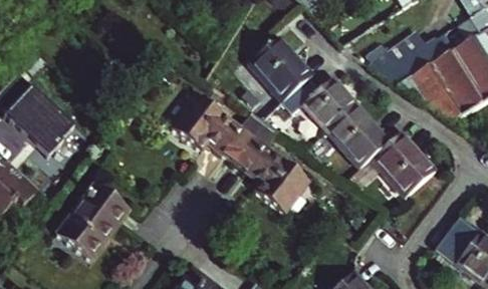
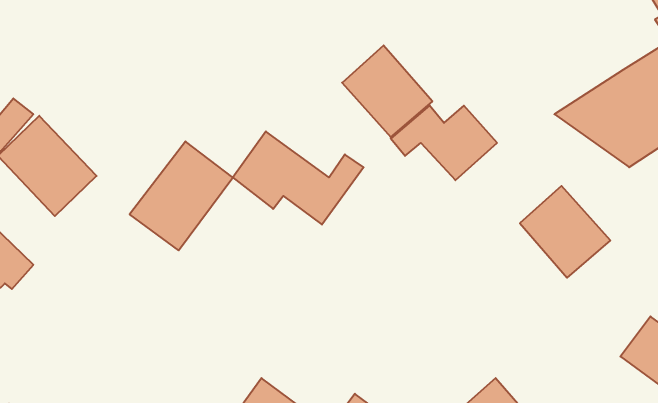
building: [369,33,445,83] -> none
building: [327,103,393,163] -> none
building: [234,120,308,211] -> none
building: [55,184,128,260] -> [130,141,233,250]

